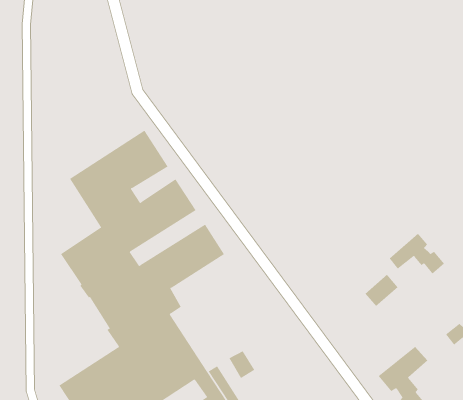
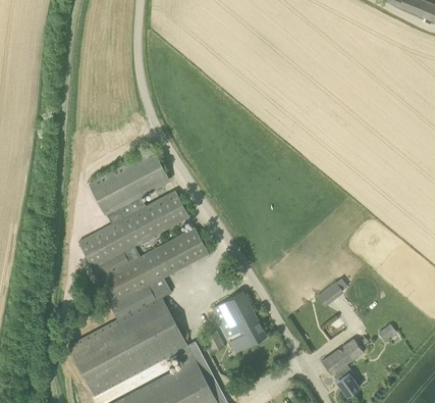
building: [389,233,445,274] -> none
building: none -> [213,292,267,353]

